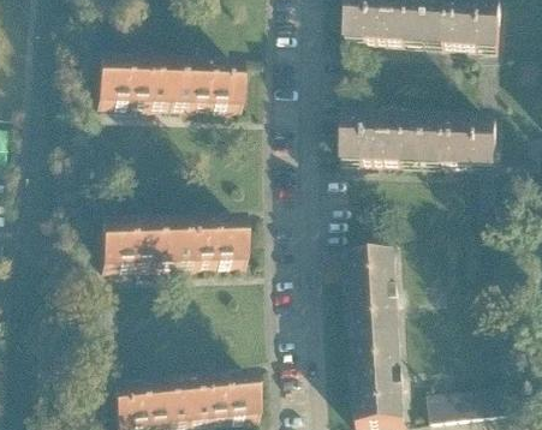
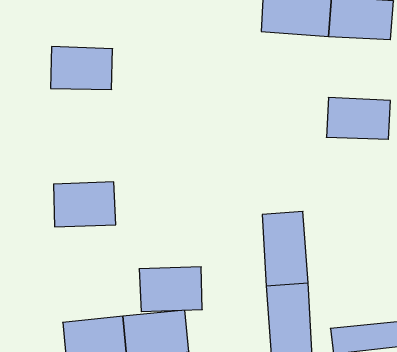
building: [168,60,242,111] -> none
building: [341,115,424,165] -> none
building: [171,215,245,268] -> [139,267,202,312]

